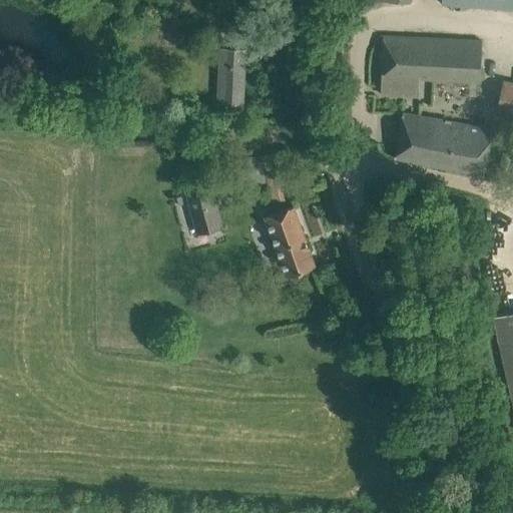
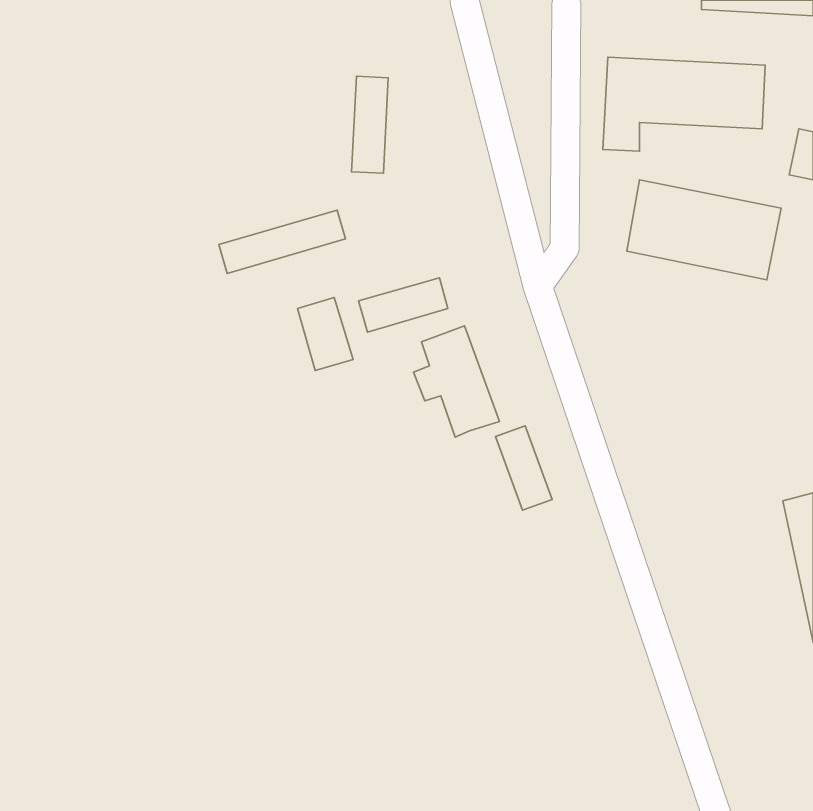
building: none -> [219,210,345,273]
building: none -> [358,278,448,332]
building: none -> [495,426,552,510]

